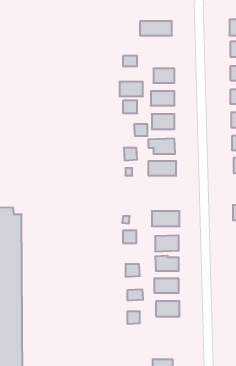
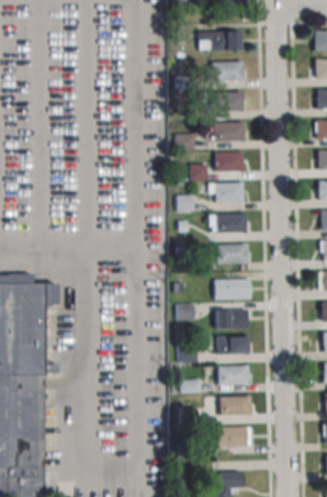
building: [119,82,143,96] -> [212,61,243,80]
building: none -> [216,245,247,263]
building: none -> [216,427,250,445]

